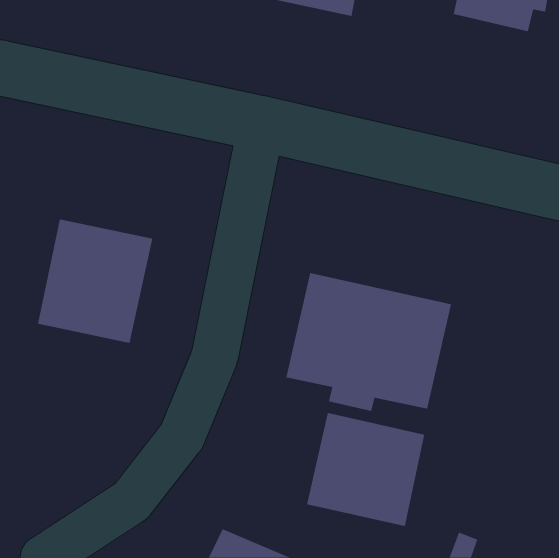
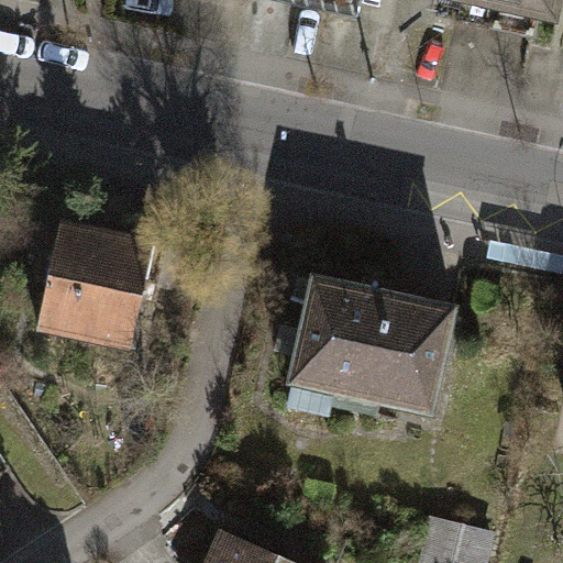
building: [307,412,425,527] -> none

